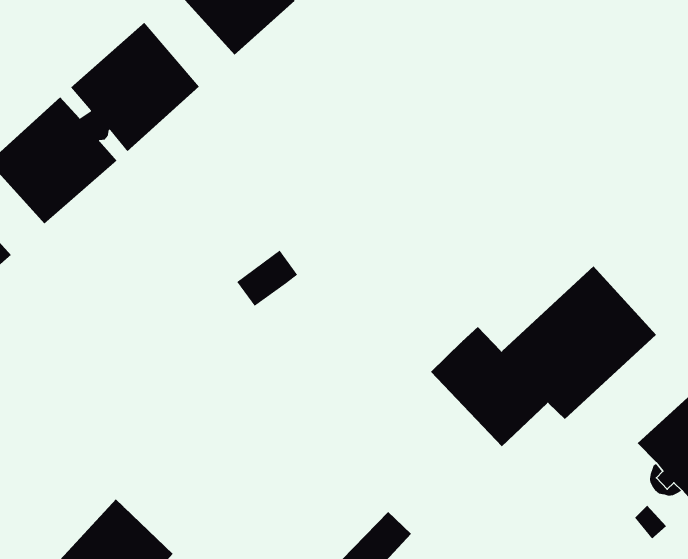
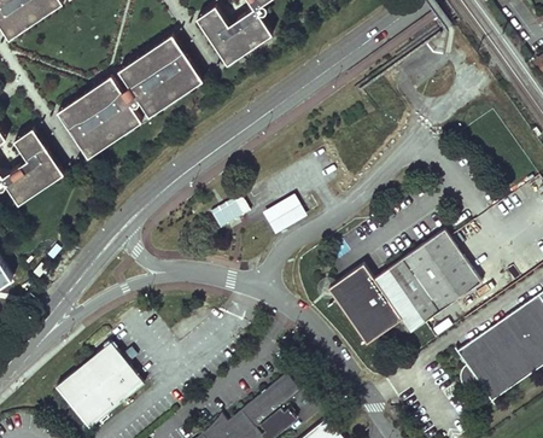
building: none -> [261,198,305,235]

